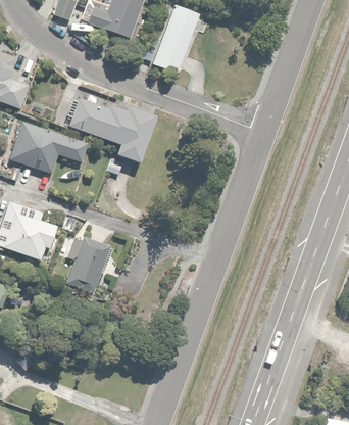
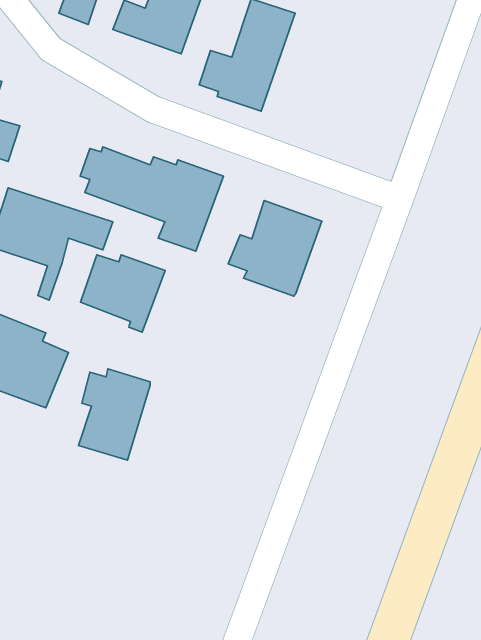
building: none -> [228,200,322,296]
building: none -> [81,255,165,332]

